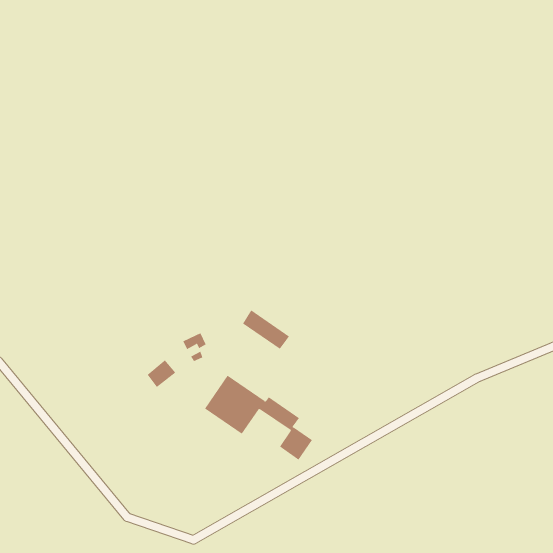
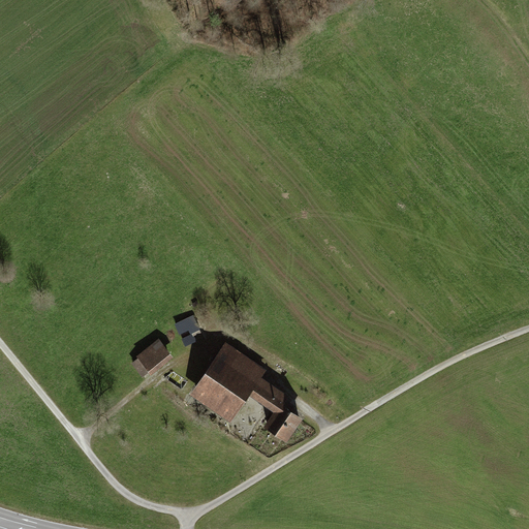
building: [242,309,290,350] -> [216,345,261,383]

